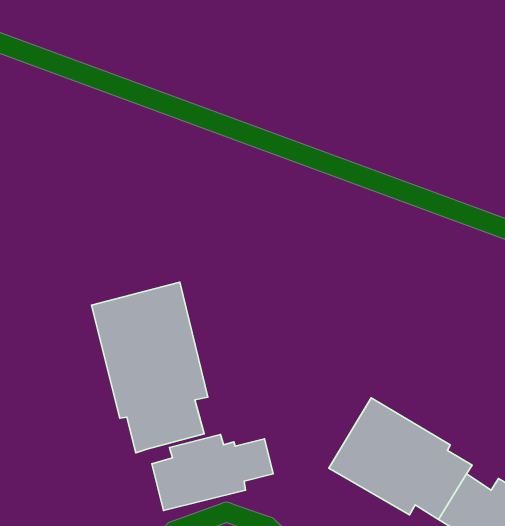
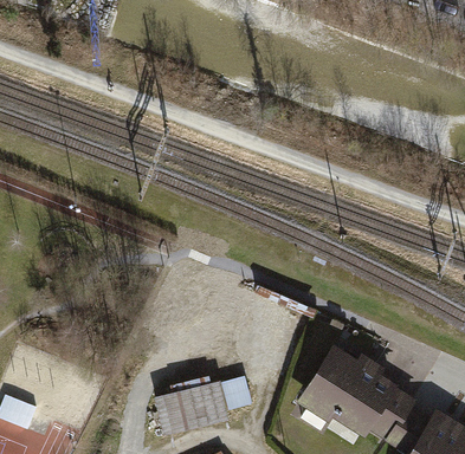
building: [91,282,208,453] -> none

